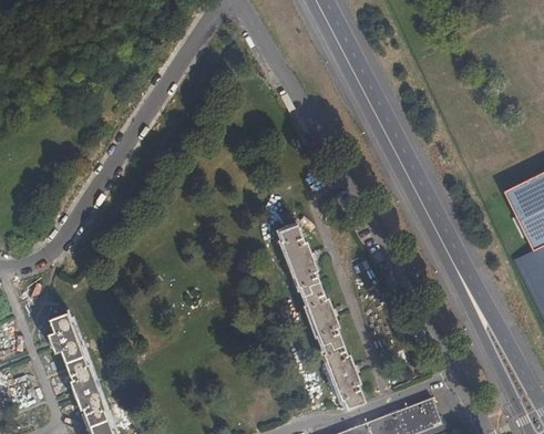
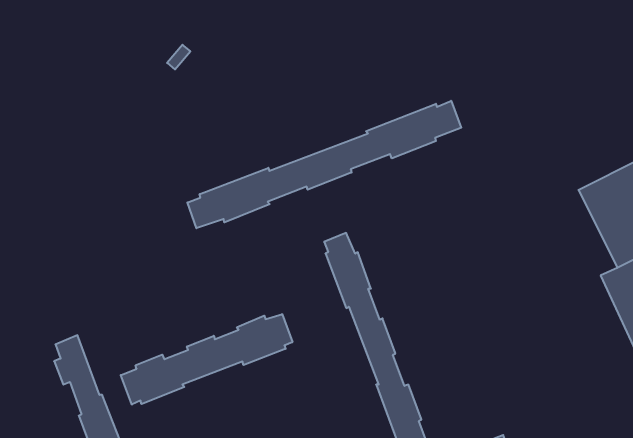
building: none -> [187,101,461,228]
building: none -> [121,314,292,405]

